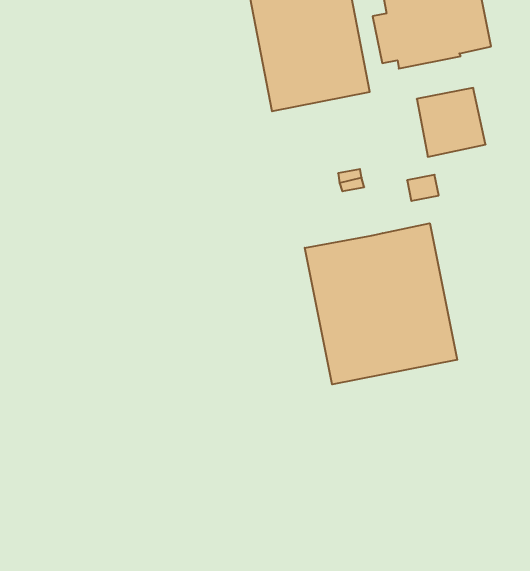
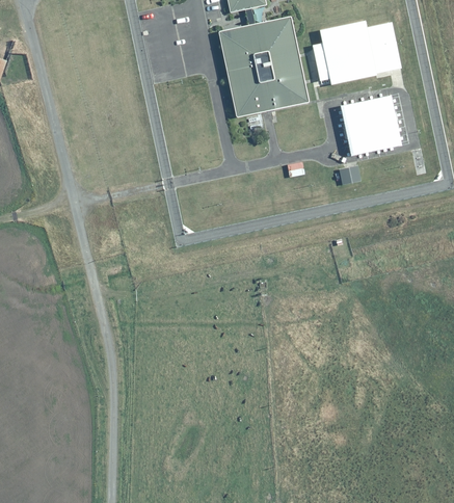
building: [305,223,457,384] -> none

